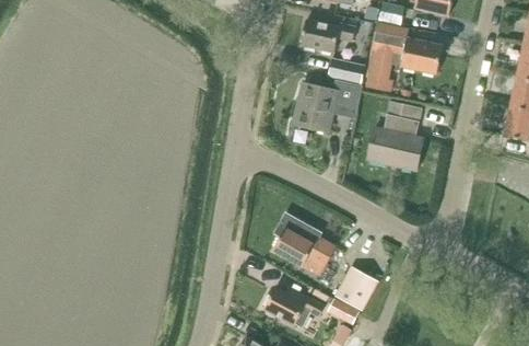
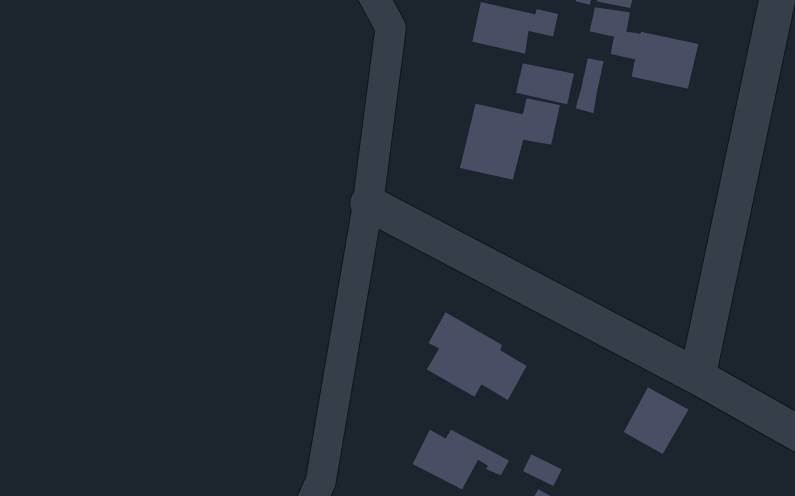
building: [367,101,423,171] -> none
building: [336,267,377,310] -> [623,387,689,455]

